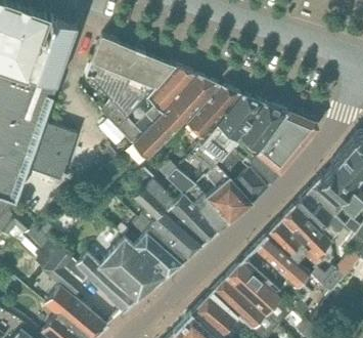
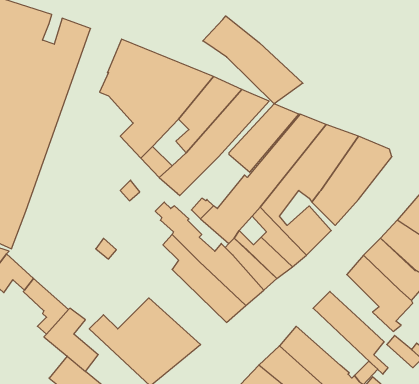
building: none -> [203,16,303,104]
building: [26,120,77,181] -> none
building: [123,218,184,278] -> none
building: [266,222,316,269] -> none
building: [239,249,285,294] -> none

